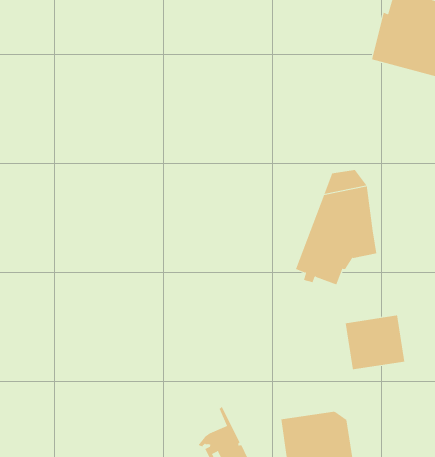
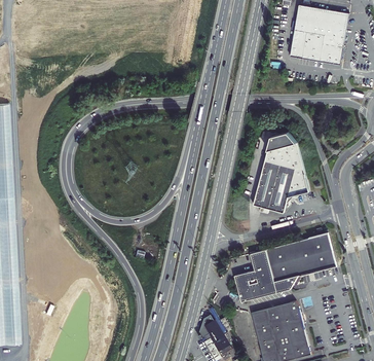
building: none -> [233,241,298,299]

